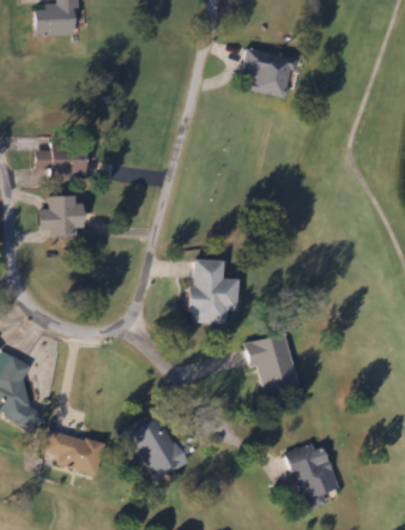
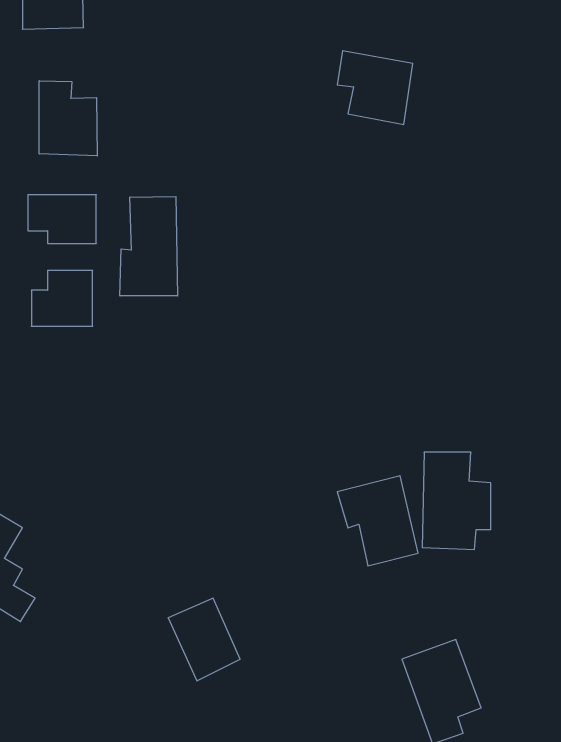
building: none -> [39,81,97,156]
building: none -> [120,197,178,296]
building: [188,259,234,324] -> [422,452,491,549]
building: [46,429,103,476] -> none

